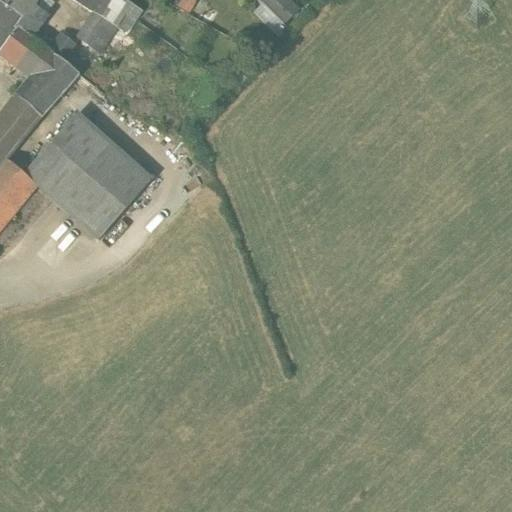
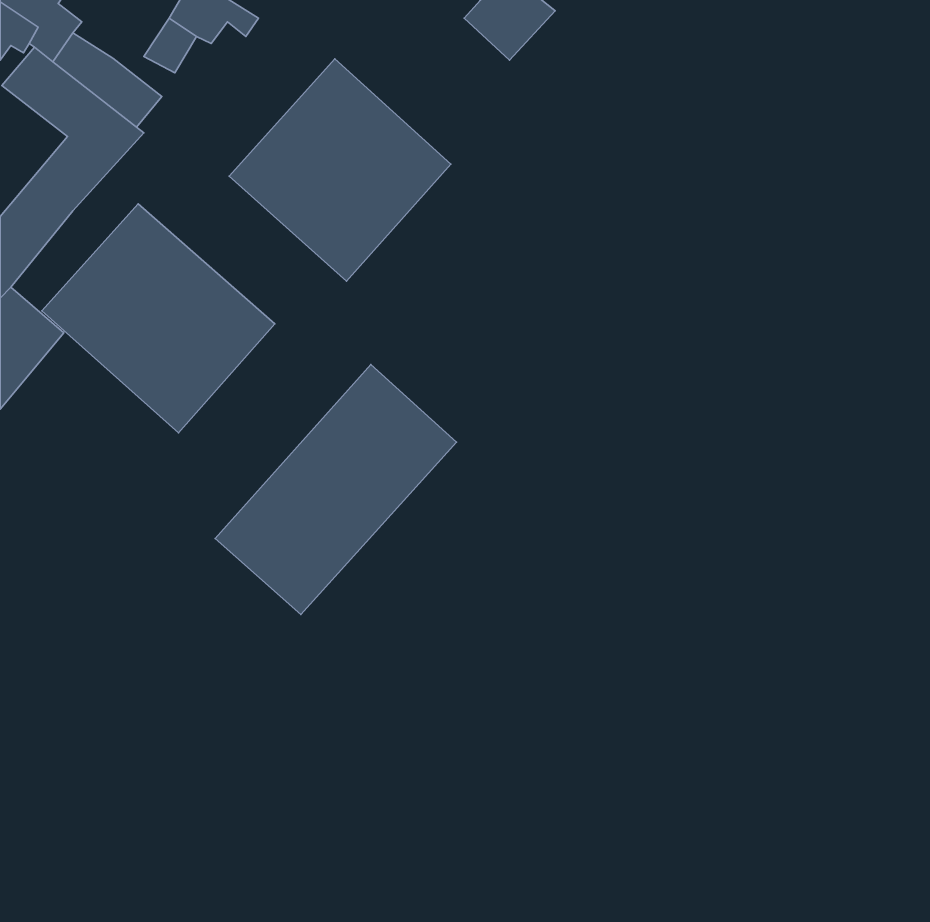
building: none -> [229,59,451,281]
building: none -> [215,364,456,614]

